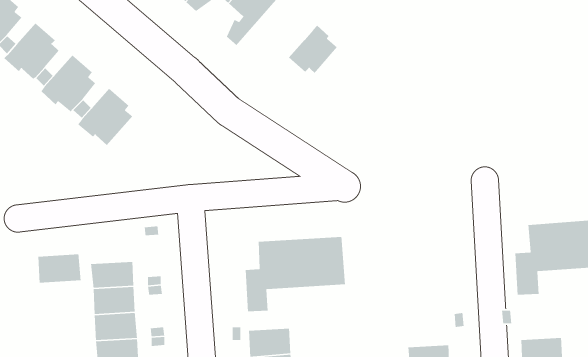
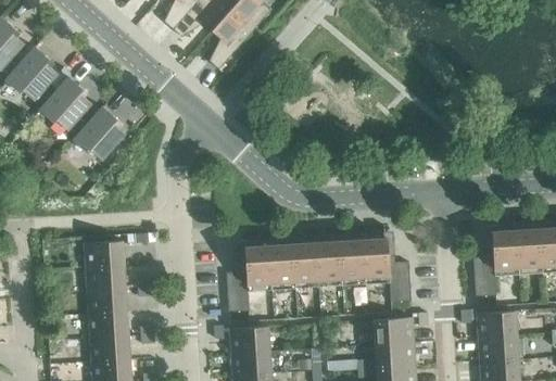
building: [288,25,338,74] -> none
building: none -> [316,237,412,302]
building: [38,254,82,283] -> [85,240,125,267]
building: none -> [477,310,517,336]
building: none -> [374,317,414,343]

